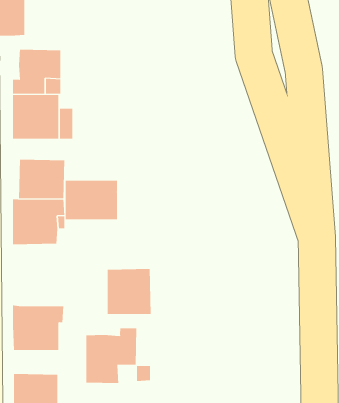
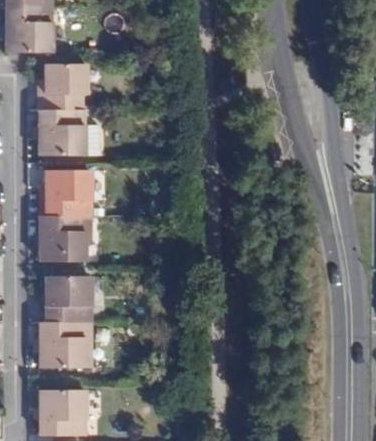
building: [65,180,117,220] -> none
building: [107,269,152,315] -> [47,276,92,322]
building: [86,327,137,384] -> none

